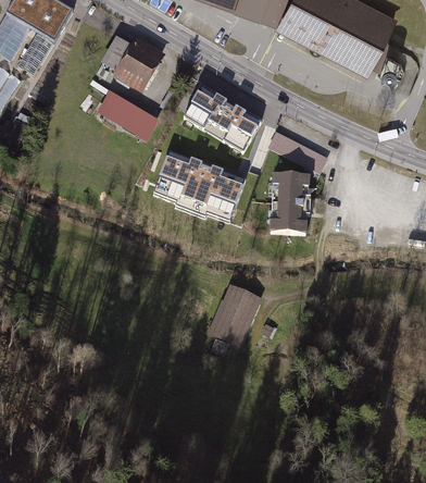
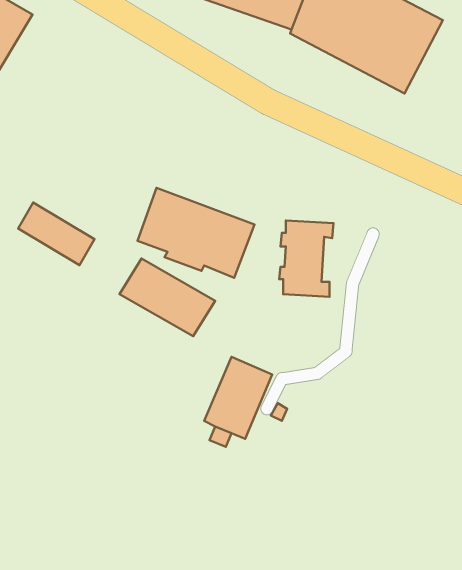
building: [99,38,164,95] -> none
building: [184,90,260,152] -> [120,259,215,336]
building: [97,92,158,143] -> [18,202,94,265]
building: [268,133,326,174] -> none

